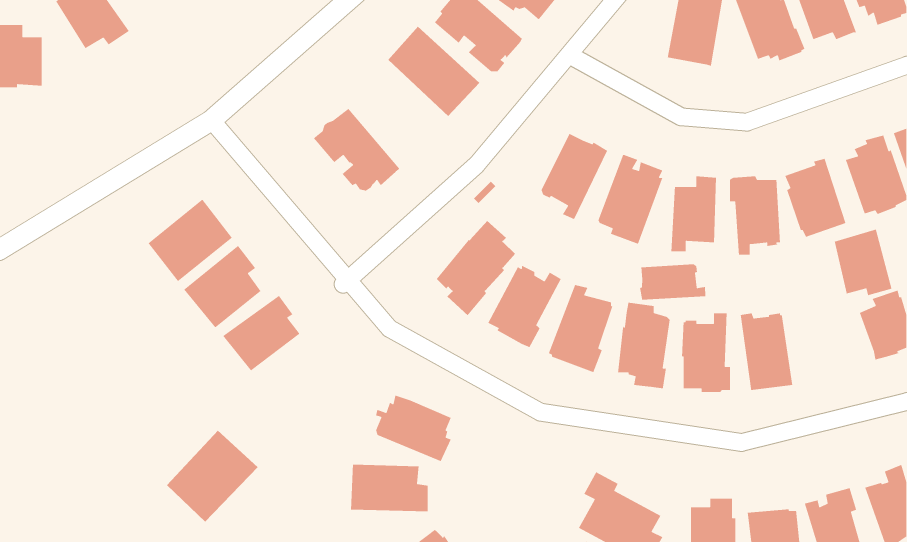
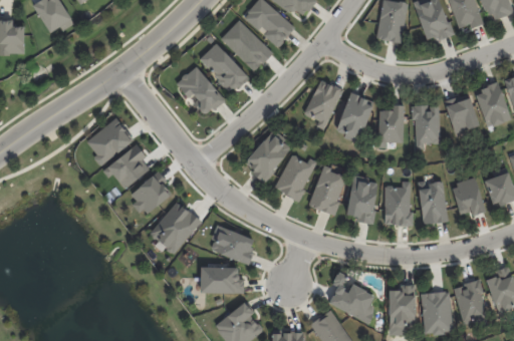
building: none -> [200,42,250,92]
building: [834,229,892,296] -> [450,178,483,216]
building: [639,264,706,300] -> none
building: [166,430,259,522] -> [148,202,200,254]

